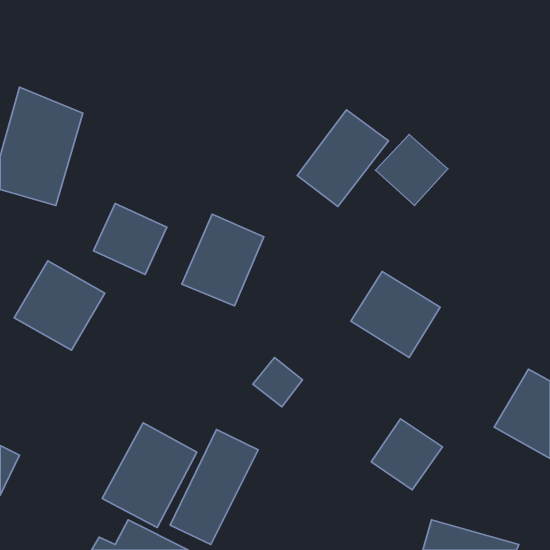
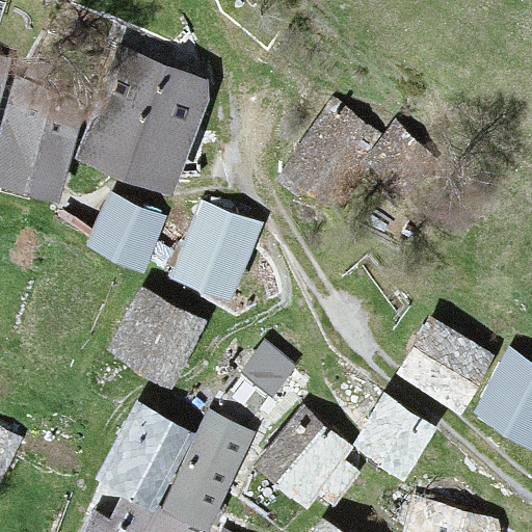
building: none -> [84,57,207,190]
building: [14,261,105,350] -> [112,293,200,379]
building: [351,272,440,358] -> [401,324,487,407]
building: none -> [261,411,356,501]

